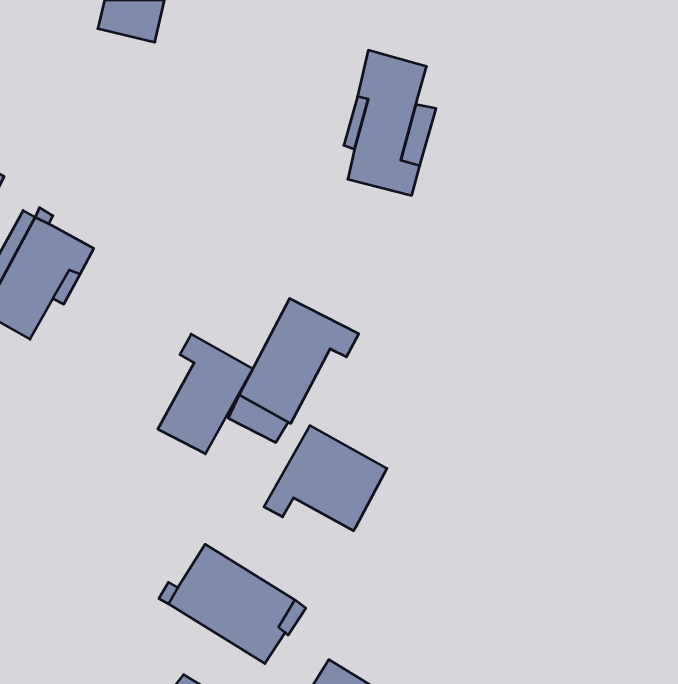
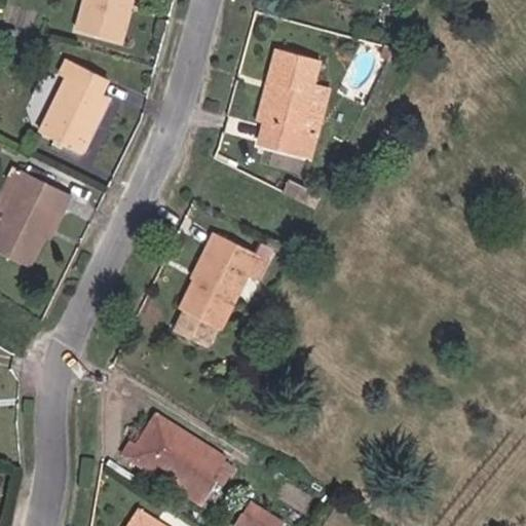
building: none -> [35,55,105,149]
building: [158,334,253,454] -> none
building: [264,426,387,531] -> none

